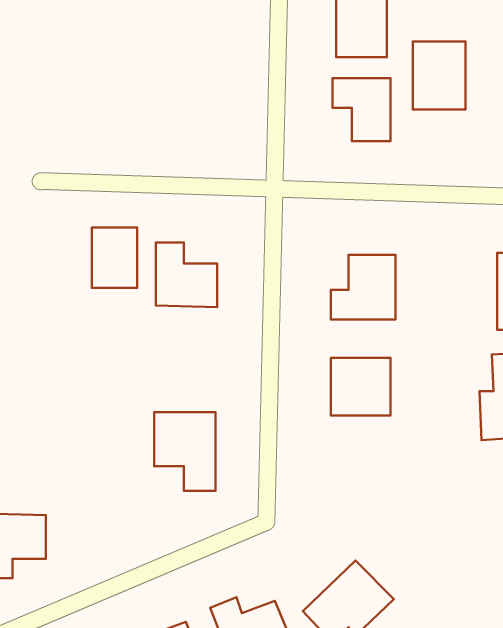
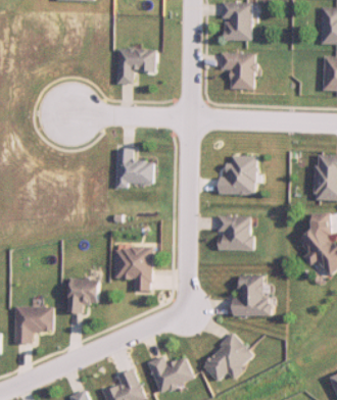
building: [413,42,466,109] -> none
building: none -> [116,48,155,84]
building: [92,228,137,288] -> none
building: none -> [234,276,270,316]
building: none -> [69,279,98,313]

